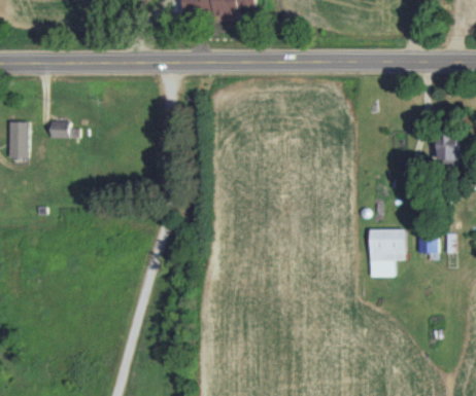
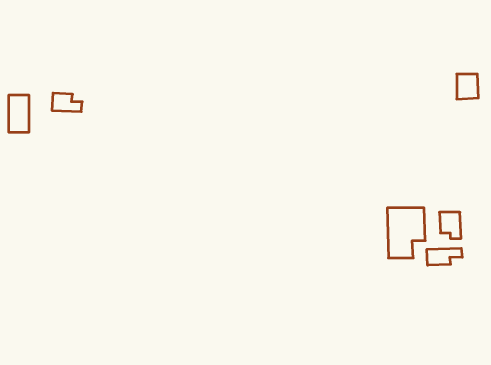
building: [438,137,458,160] -> [457,74,478,99]
building: none -> [427,248,462,265]

